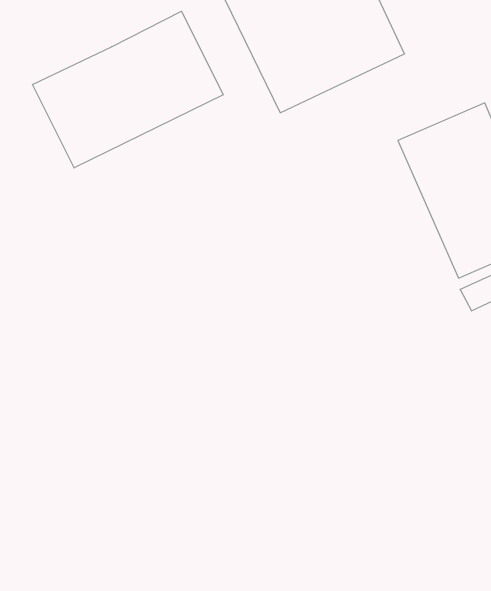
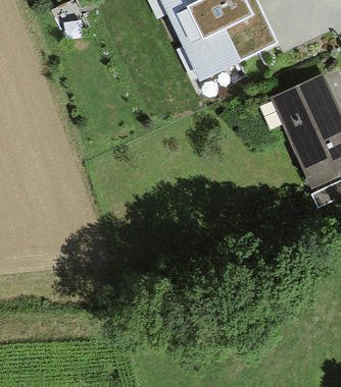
building: [33,11,223,168] -> none

